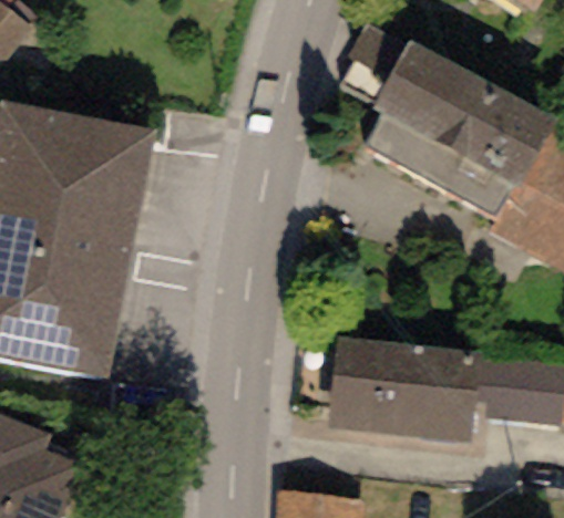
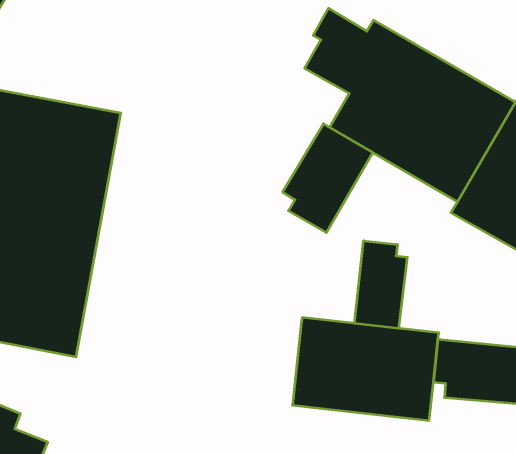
building: none -> [283,124,373,233]
building: none -> [354,241,407,328]

